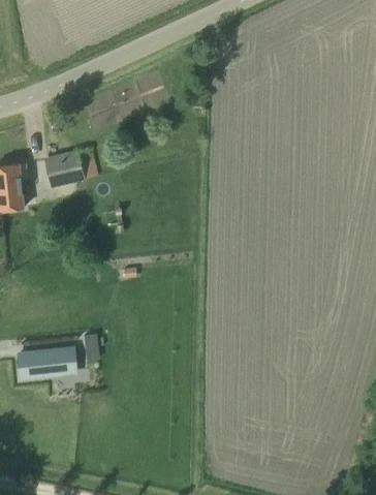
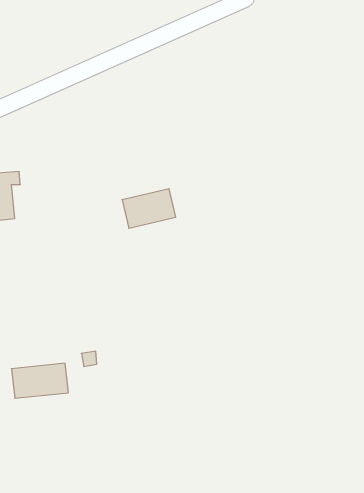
building: [46,151,97,188] -> [122,189,176,228]

